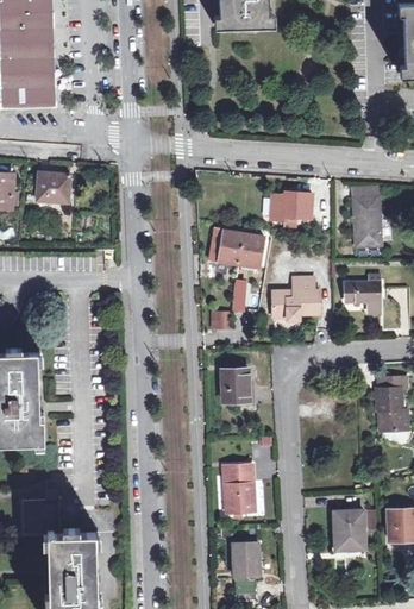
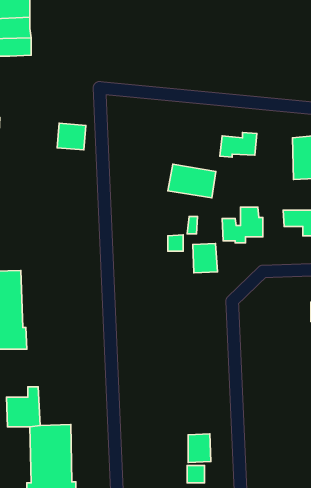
building: [37,171,70,202] -> [57,123,86,150]
building: [221,368,250,402] -> [193,243,217,273]
building: [222,464,255,511] -> none
building: [333,510,364,550] -> none

